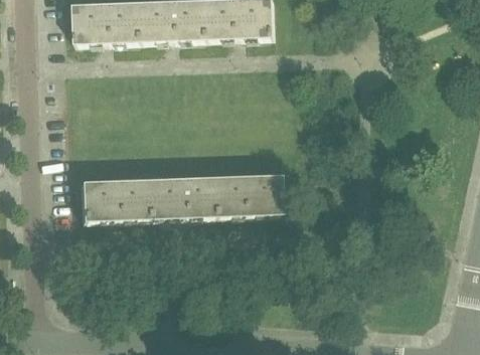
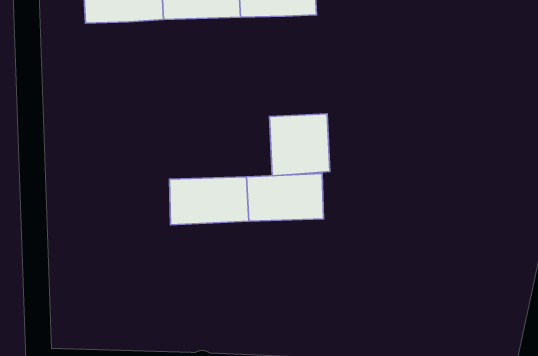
building: none -> [270,114,330,176]
building: [84,179,153,220] -> none

